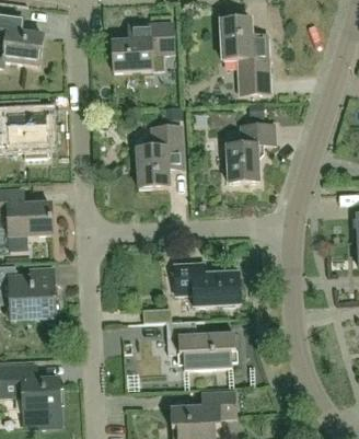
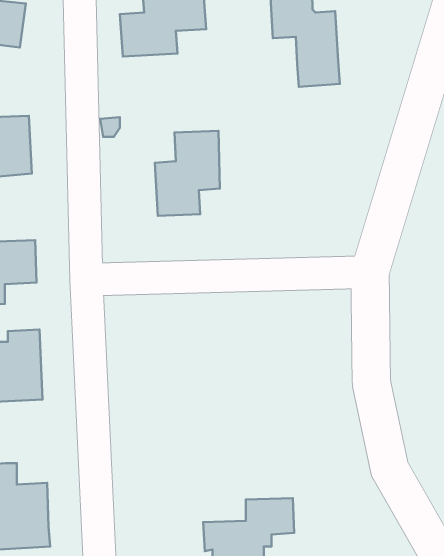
building: [225,123,275,182] -> none
building: [174,261,240,305] -> none
building: [165,320,236,369] -> none

